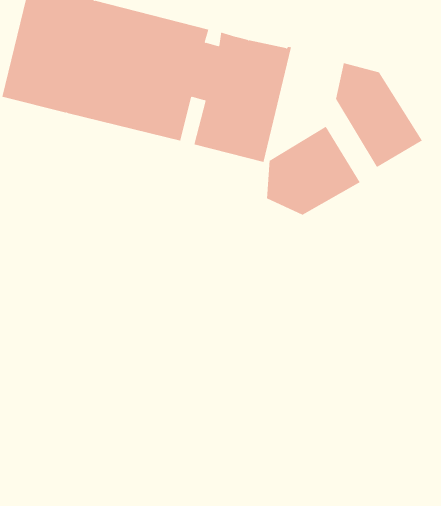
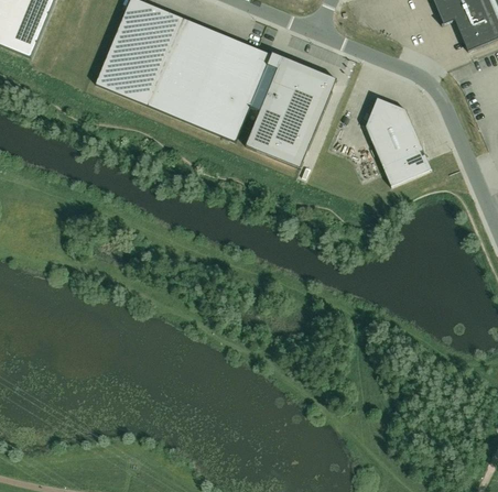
building: [267,126,360,215] -> none

